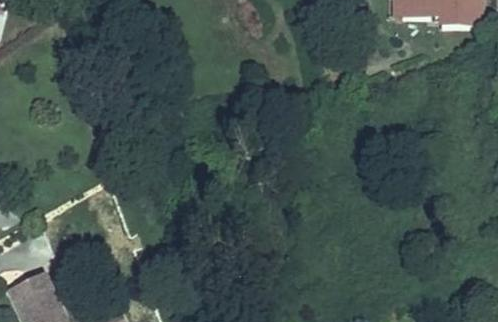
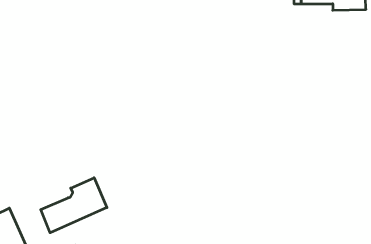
building: none -> [41,178,107,233]

